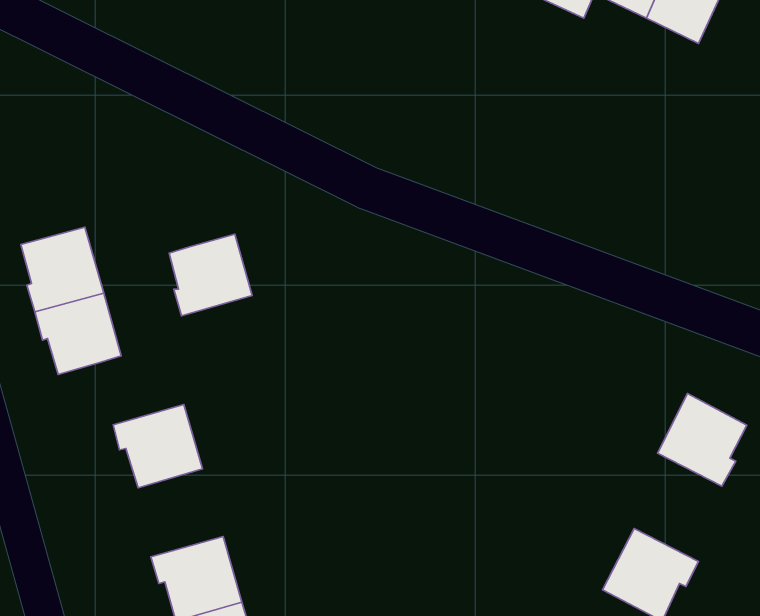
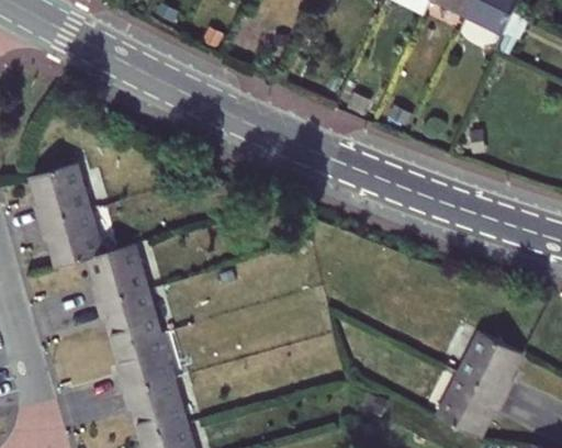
building: [169,234,252,316] -> [87,242,145,299]
building: [658,394,747,486] -> [460,329,522,394]
building: none -> [113,329,172,391]

